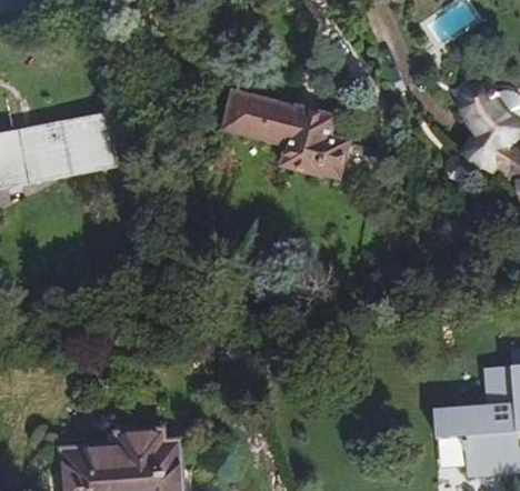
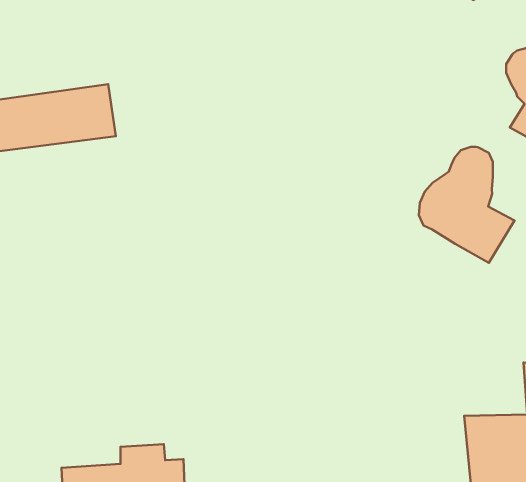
building: [233,88,356,173] -> none
building: none -> [419,147,514,263]

